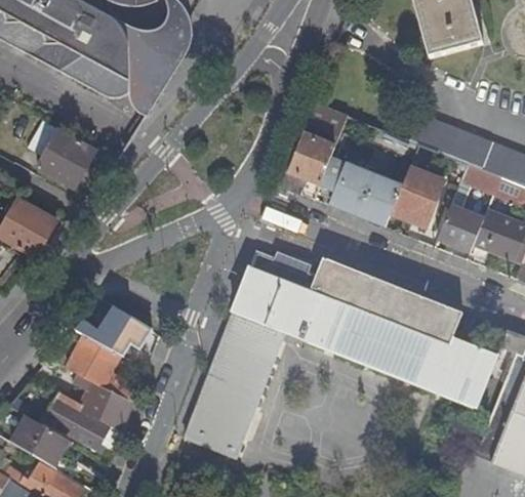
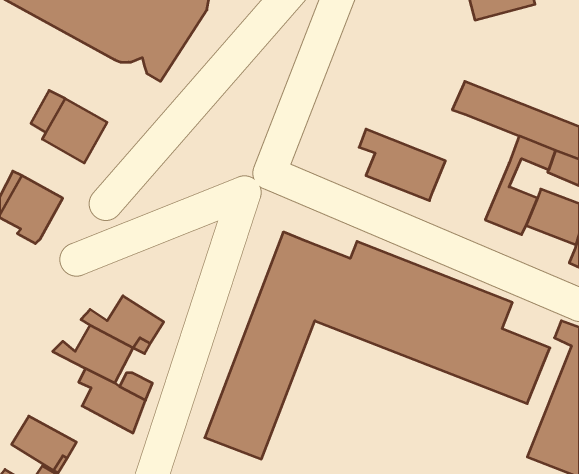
building: [282,100,349,198] -> none
building: [392,143,470,226] -> none
building: [36,392,121,449] -> none

